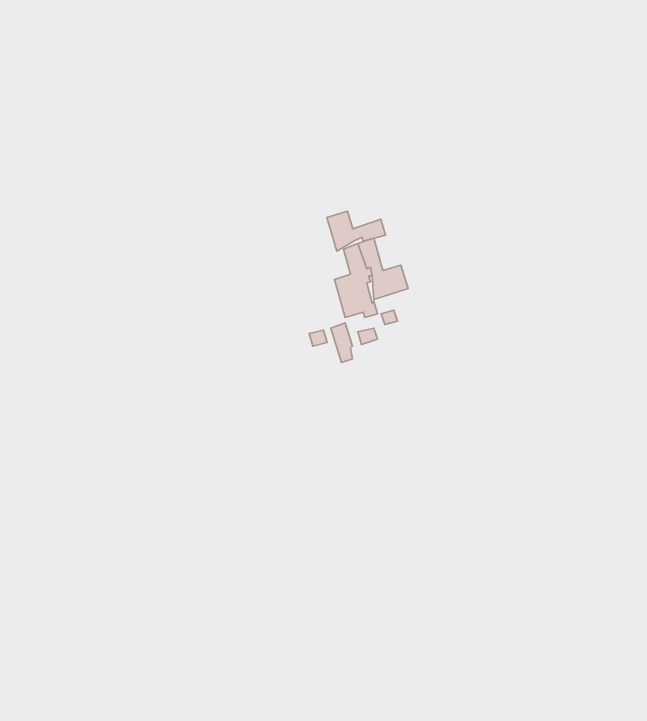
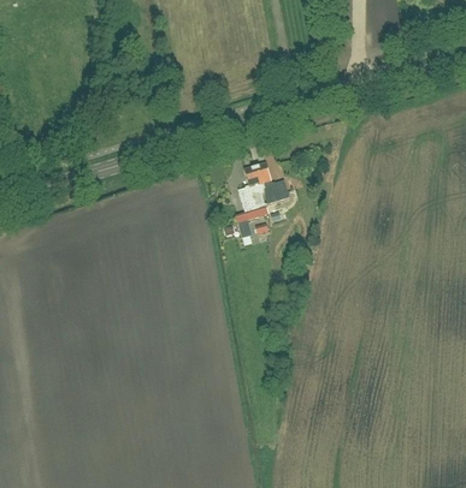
building: [327,211,386,251] -> none

